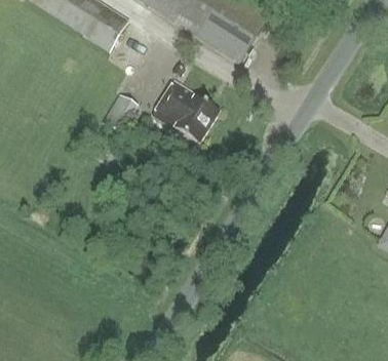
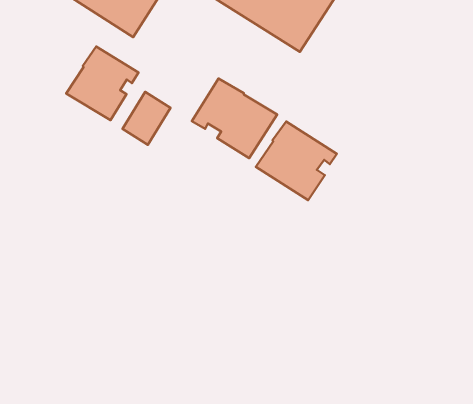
building: none -> [66,46,139,120]
building: none -> [256,121,337,200]

